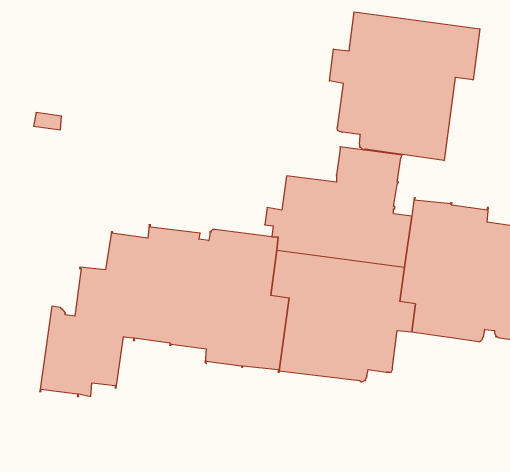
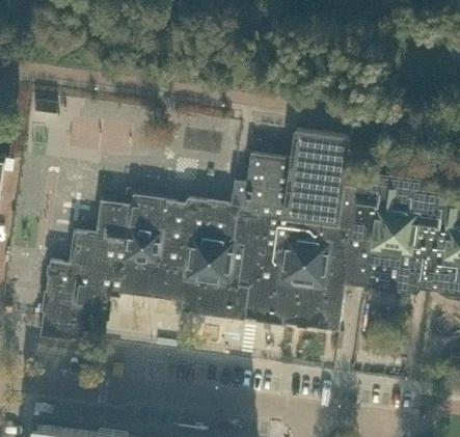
building: [329,12,480,161] -> none

